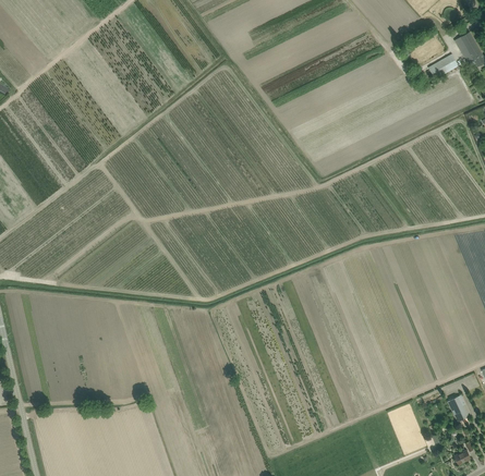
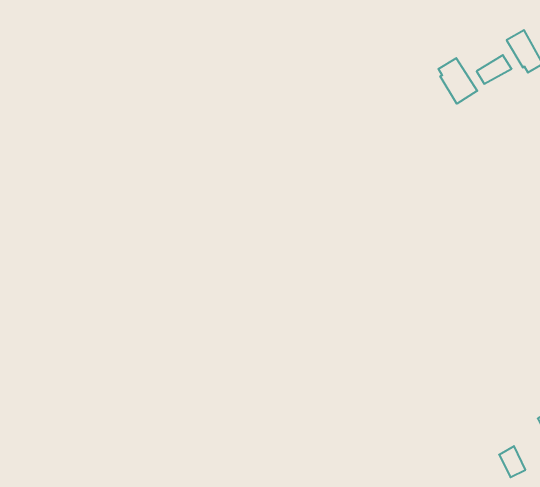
building: none -> [438,58,477,104]

